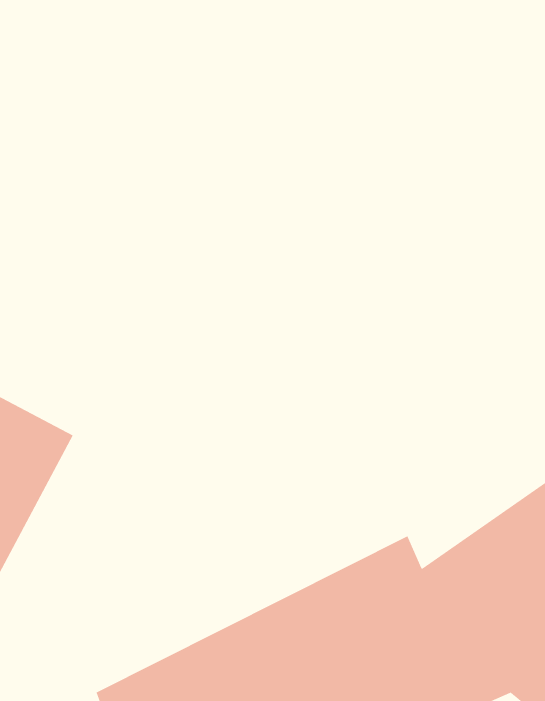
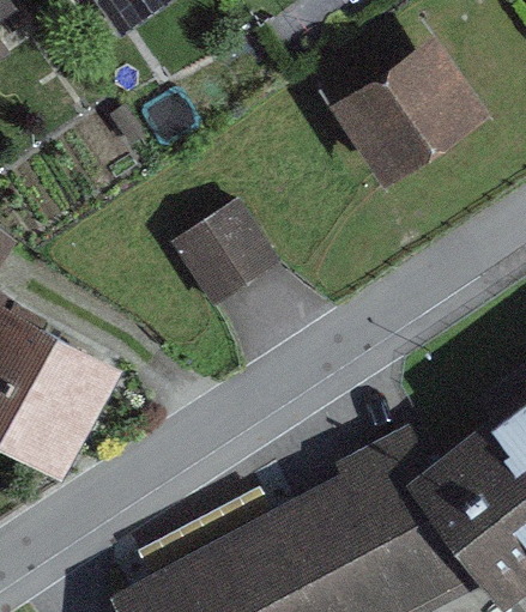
building: none -> [343,44,486,183]
building: none -> [174,212,272,310]

